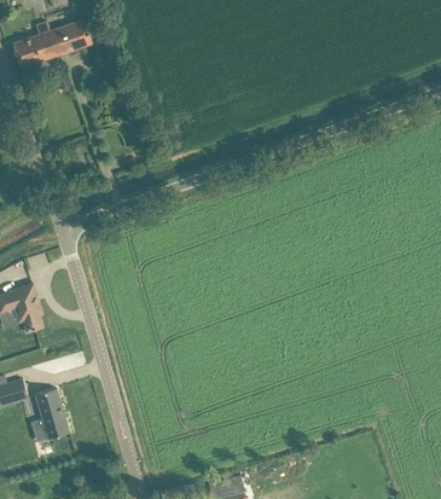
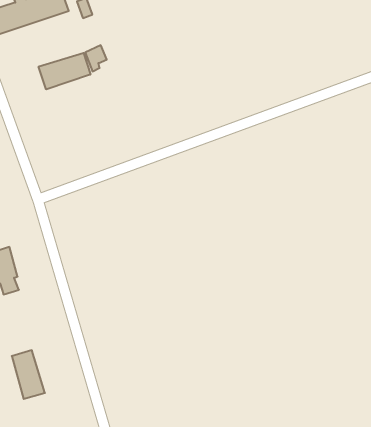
building: none -> [39,53,90,89]

